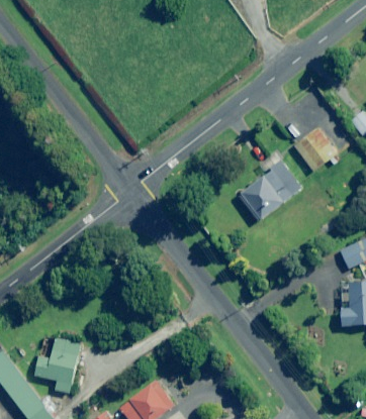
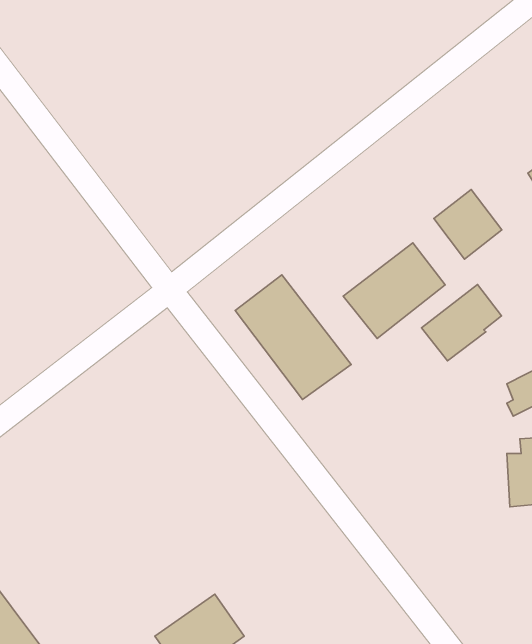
building: none -> [235,275,351,400]
building: none -> [421,285,501,361]
building: [34,337,83,393] -> none

